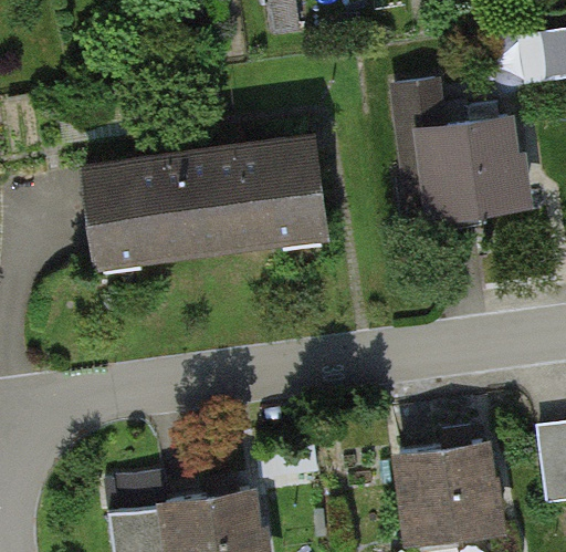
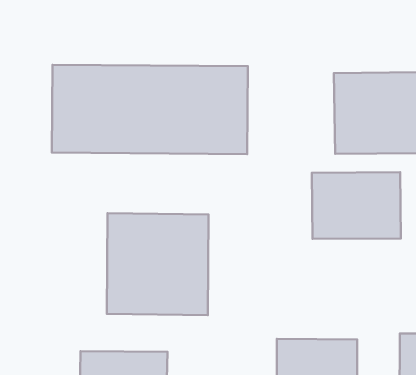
building: none -> [312,172,401,239]
building: none -> [107,213,208,315]

